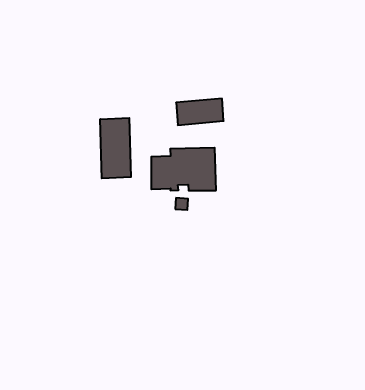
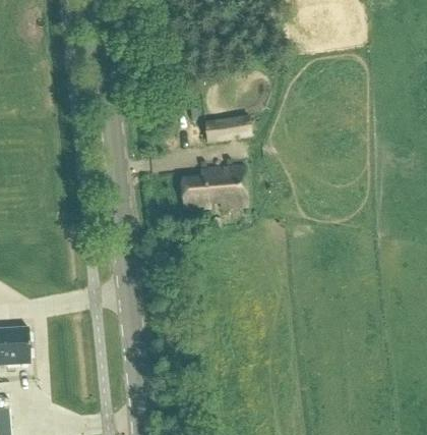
building: [100,118,131,178] -> none

